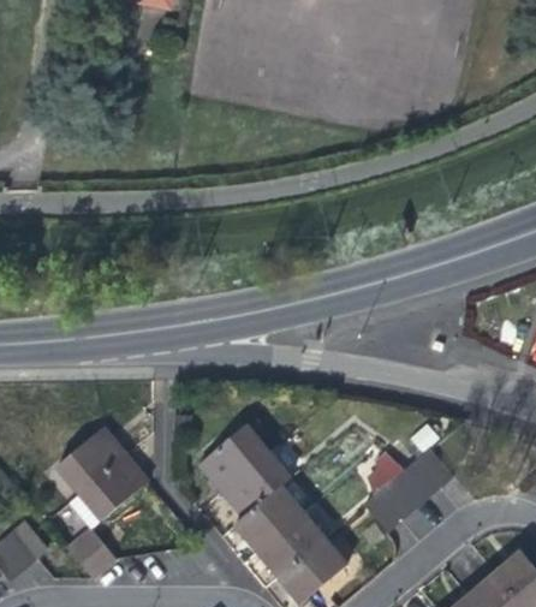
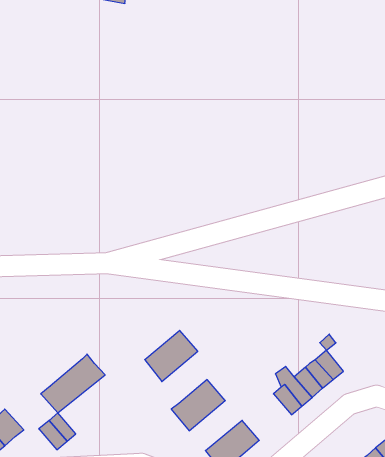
building: [58,428,127,495] -> none
building: [222,451,291,517] -> none
building: [257,513,324,577] -> none

